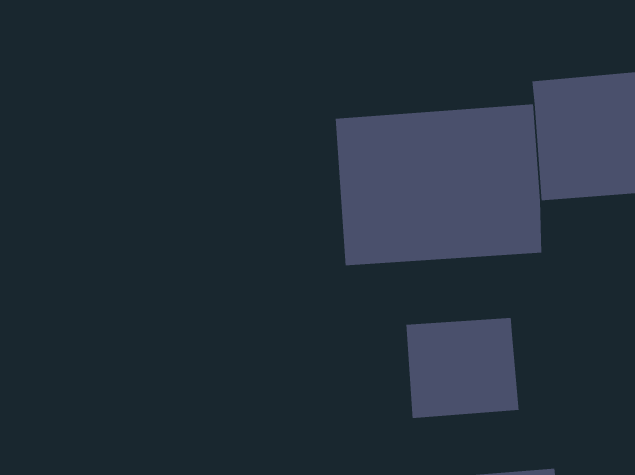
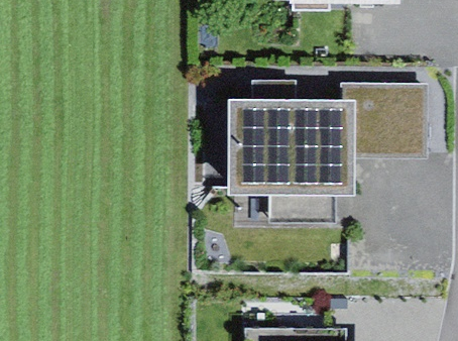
building: [406,317,519,419] -> none

